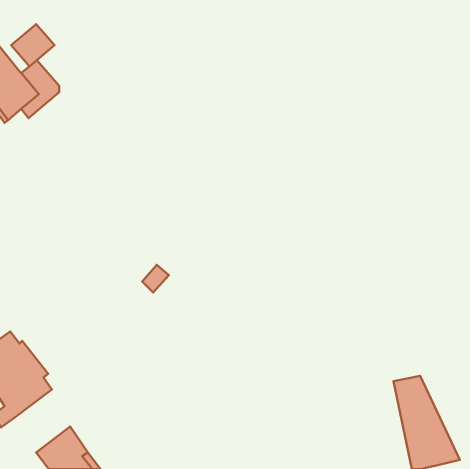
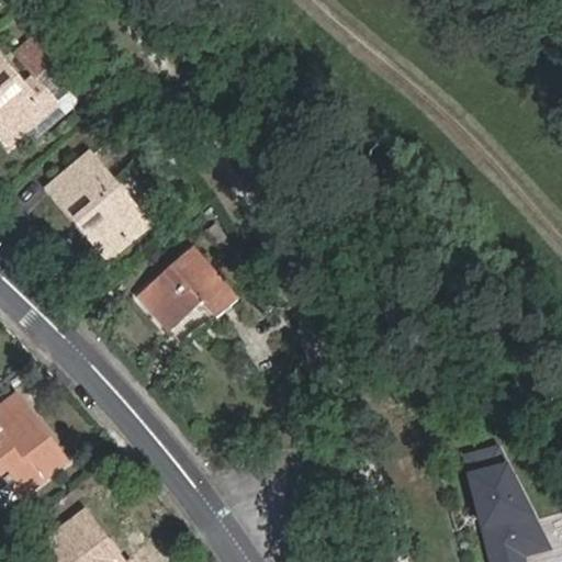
building: none -> [49,155,144,254]
building: none -> [135,247,236,330]

